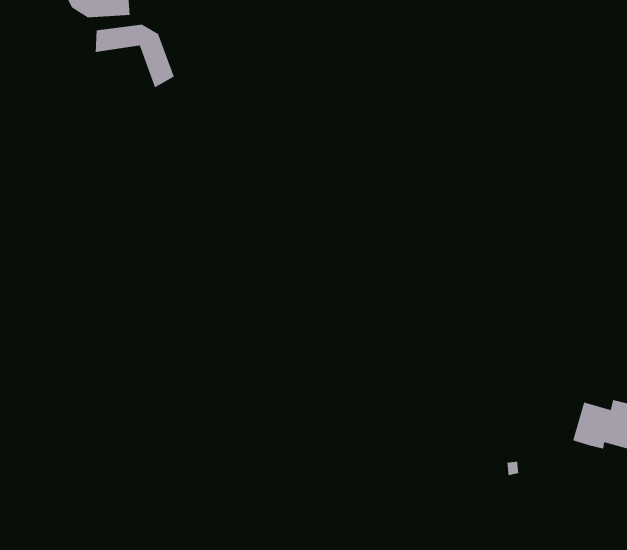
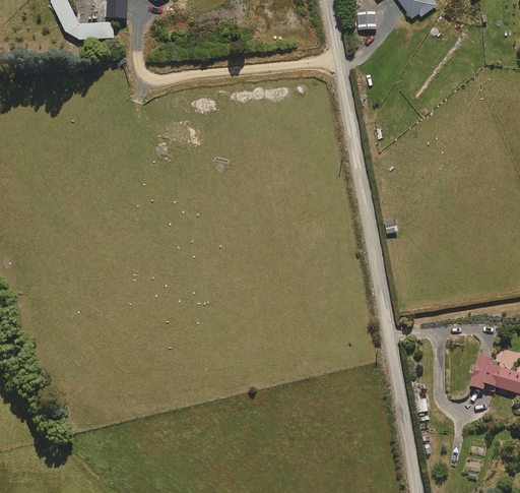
building: [95,24,175,88] -> none

